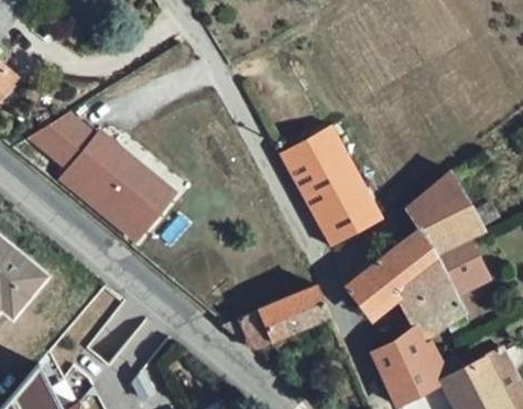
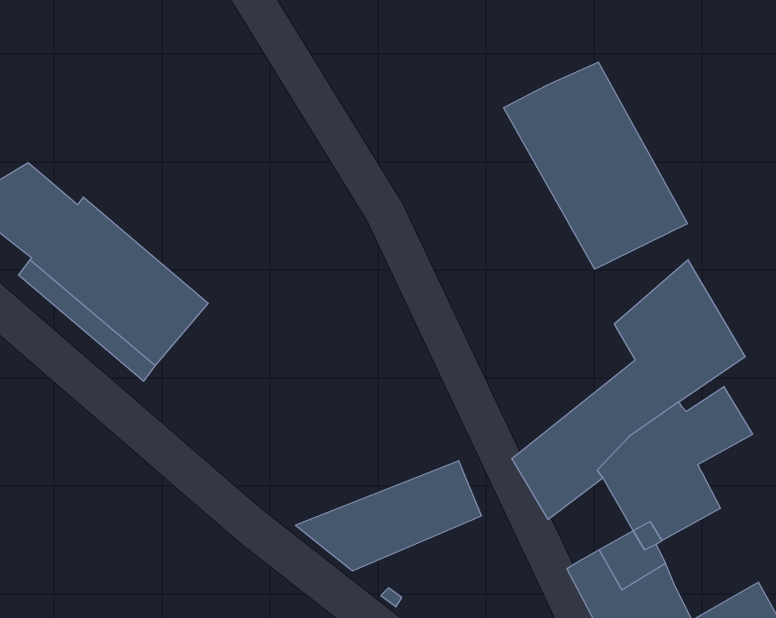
building: [287,122,394,243] -> [503,62,688,269]

